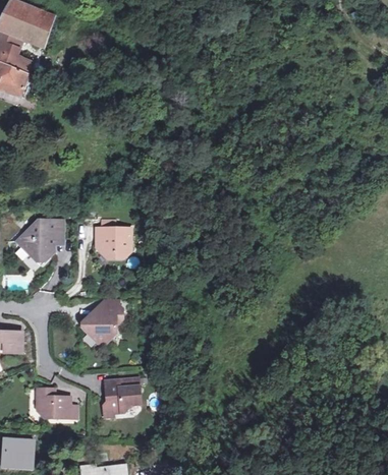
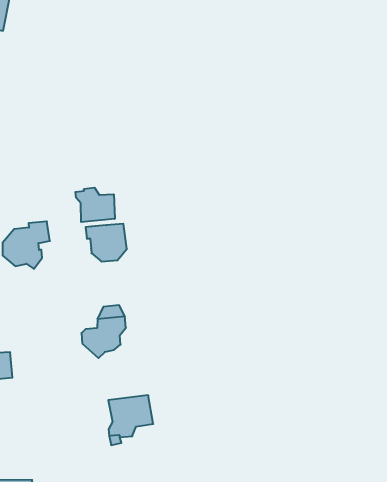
building: none -> [75,188,115,222]
building: [36,388,69,418] -> none

